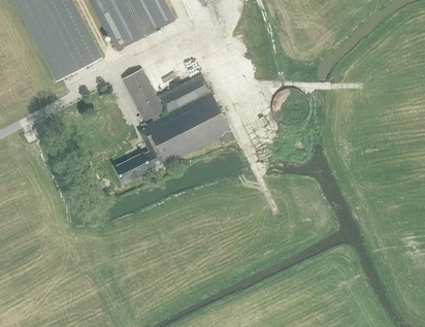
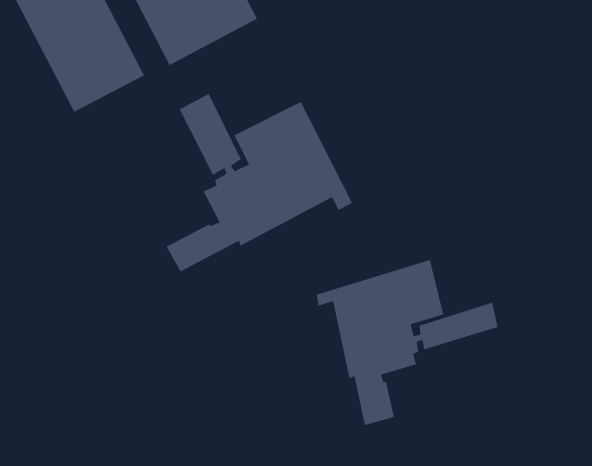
building: none -> [316,259,498,426]

